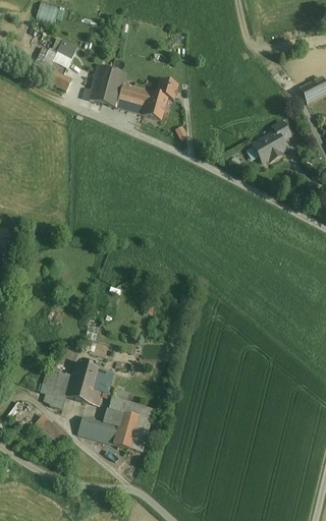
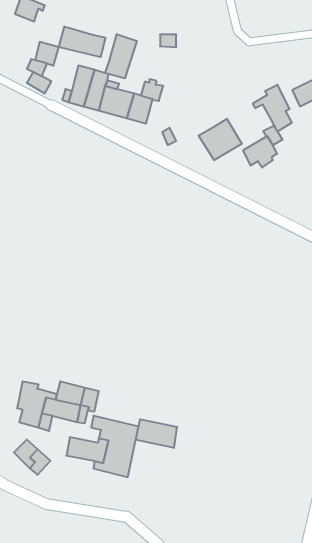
building: none -> [59,27,105,57]
building: none -> [105,34,137,78]
building: none -> [253,85,292,131]
building: none -> [198,119,242,160]
building: none -> [136,419,177,448]

